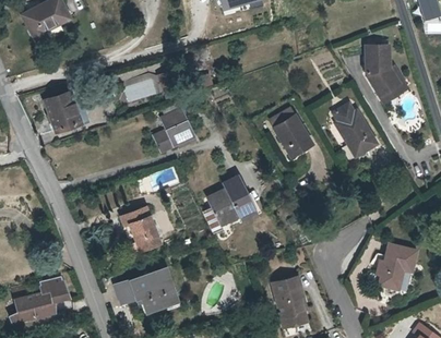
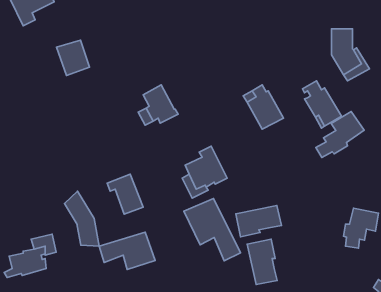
building: [43,94,79,132] -> [57,40,90,75]
building: none -> [316,111,364,158]
building: none -> [64,191,99,246]
building: none -> [184,199,241,261]
building: none -> [236,206,281,237]

